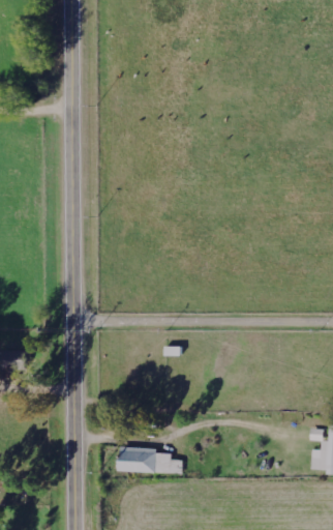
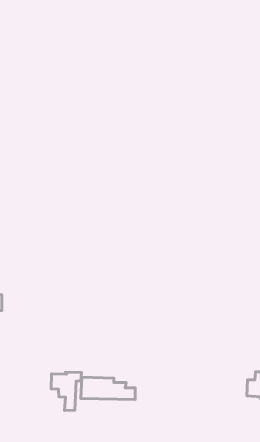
building: none -> [51,372,81,410]

